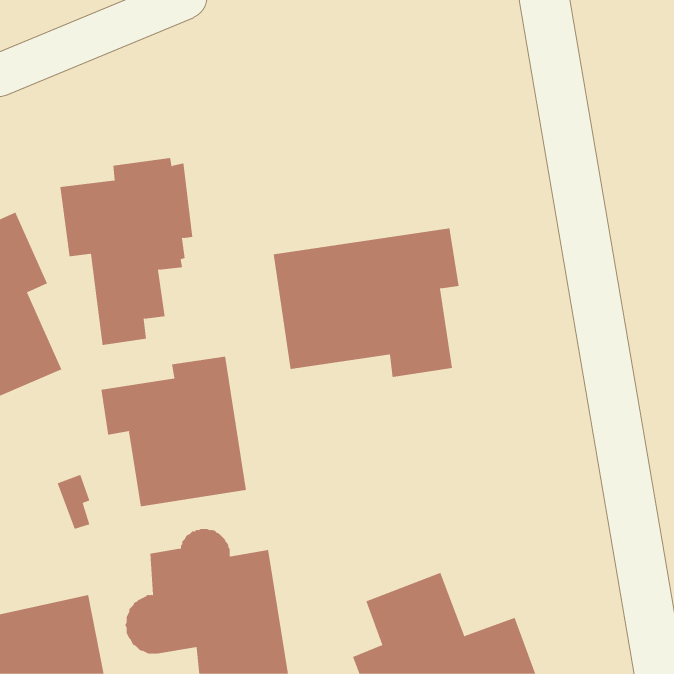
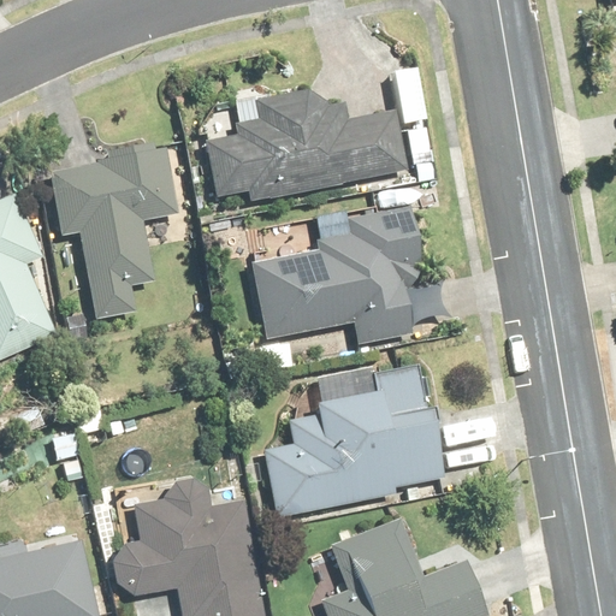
building: none -> [205,88,405,203]
building: [101,356,247,507] -> none
building: none -> [265,371,443,513]

